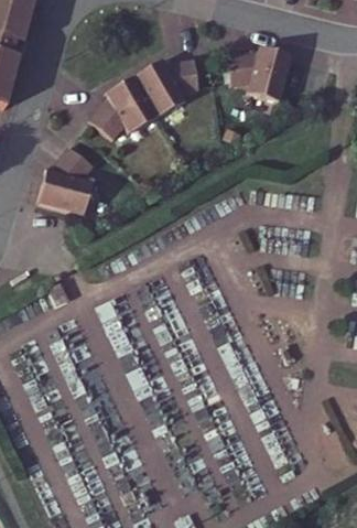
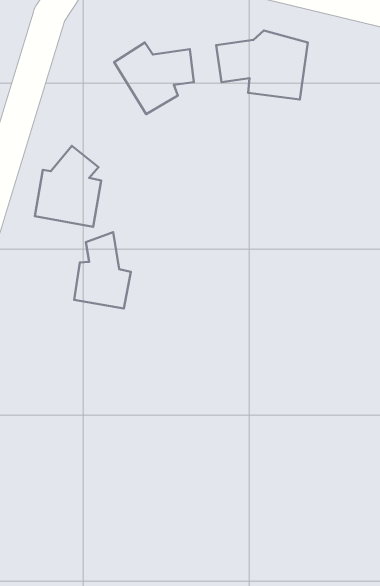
building: [80,76,148,140] -> none
building: none -> [74,232,131,309]

